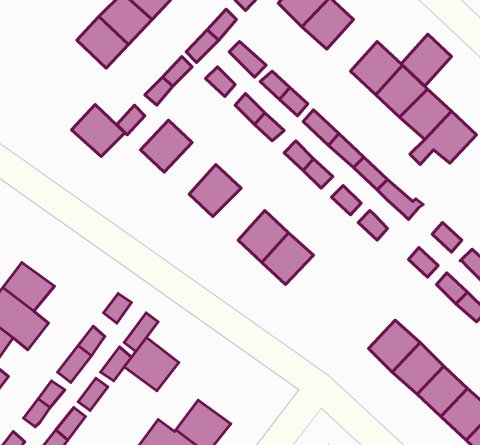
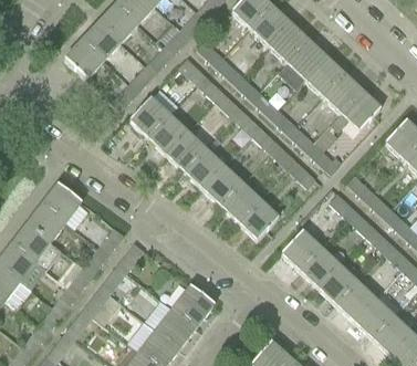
building: [401,34,451,86] -> [269,22,306,61]
building: [71,105,125,156] -> [64,38,104,76]
building: none -> [147,114,186,153]
building: none -> [184,148,222,187]
building: none -> [41,182,81,221]
building: none -> [238,198,279,239]
building: none -> [282,230,320,268]
building: [124,337,179,391] -> [173,284,213,324]

